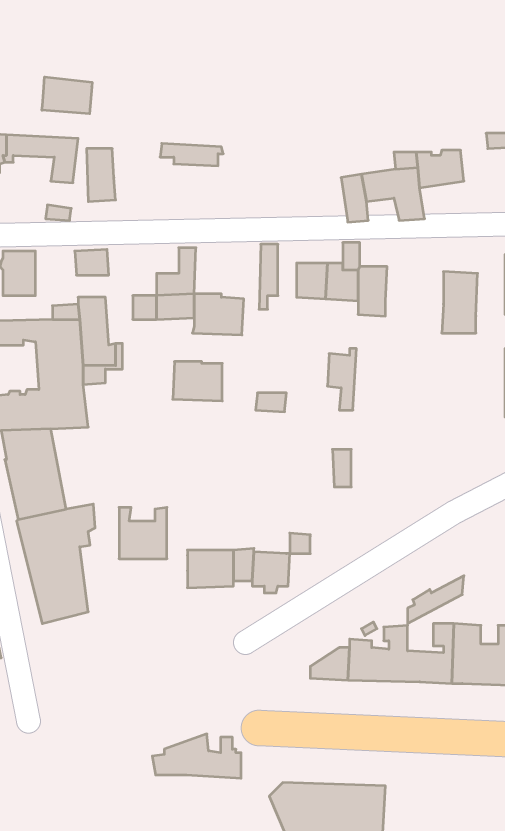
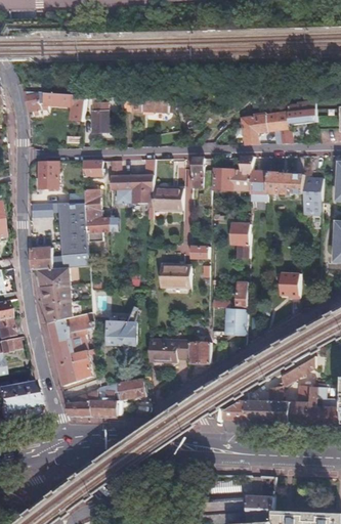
building: [42,77,92,114] -> none
building: none -> [109,164,130,188]
building: none -> [267,171,302,193]
building: [173,362,222,401] -> [160,264,189,288]
building: none -> [278,273,299,299]
building: none -> [222,307,246,332]
building: none -> [119,378,145,401]
building: [152,734,241,778] -> [62,389,116,416]

